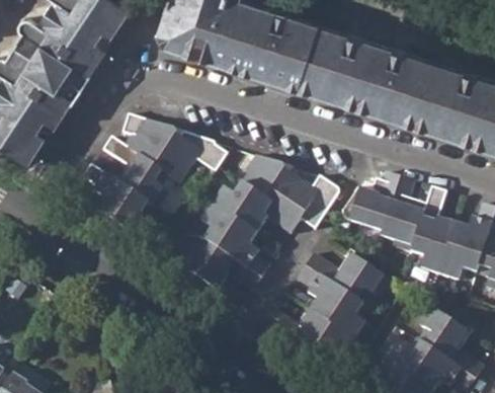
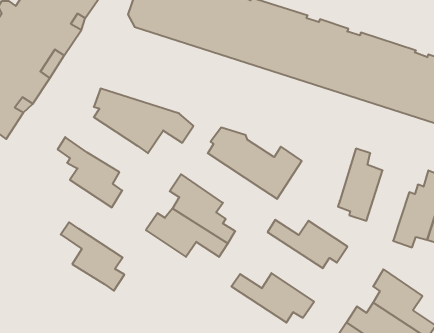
building: [101,136,169,209] -> [61,222,124,291]
building: [339,171,400,232] -> none
building: [214,181,301,234] -> none
building: [411,186,457,274] -> none
building: [298,265,366,339] -> none

